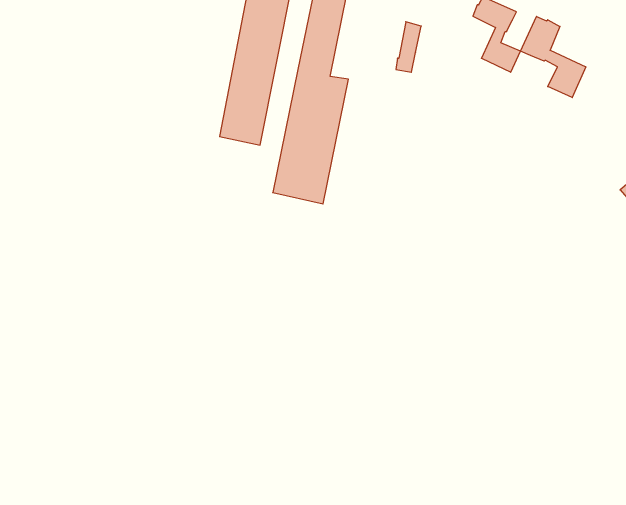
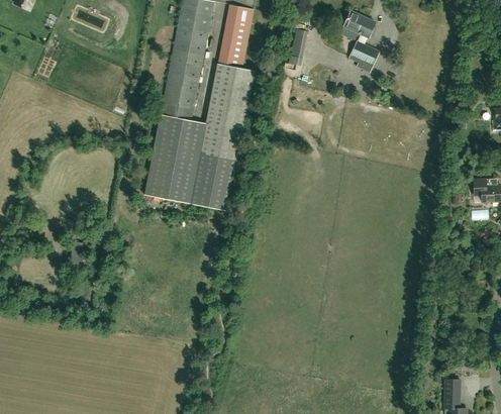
building: [521,16,586,98] -> none
building: none -> [144,114,236,210]

